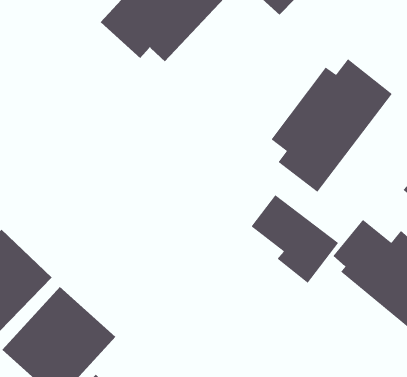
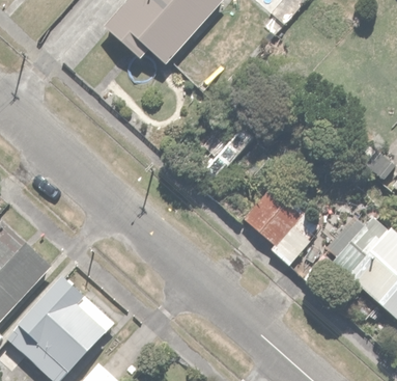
building: [271,58,393,193] -> none

